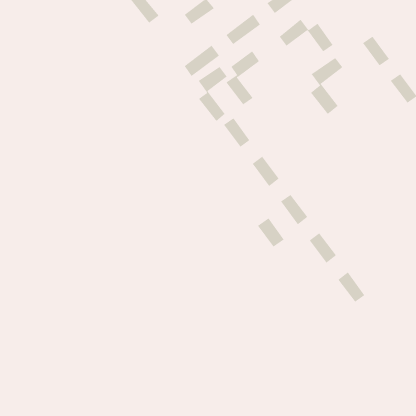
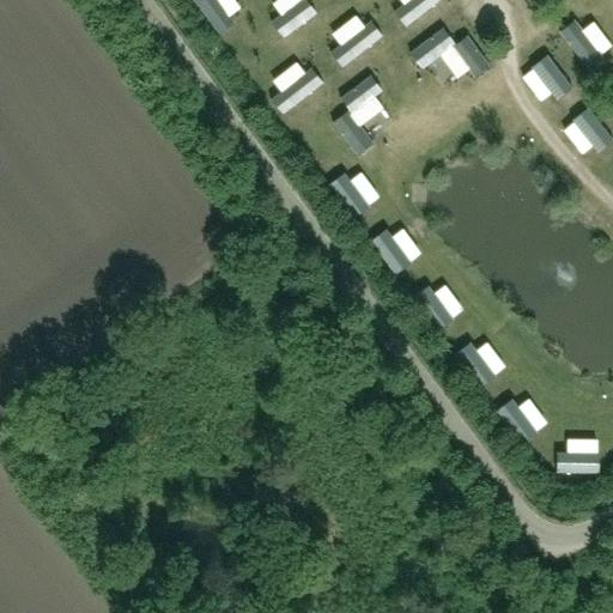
building: none -> [560,19,606,72]
building: [310,57,343,115] -> none
building: [198,66,227,122] -> none
building: [257,218,285,248] -> none
building: none -> [557,451,600,472]

